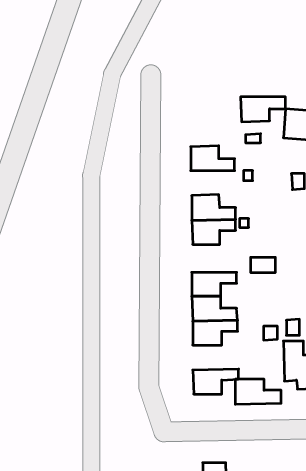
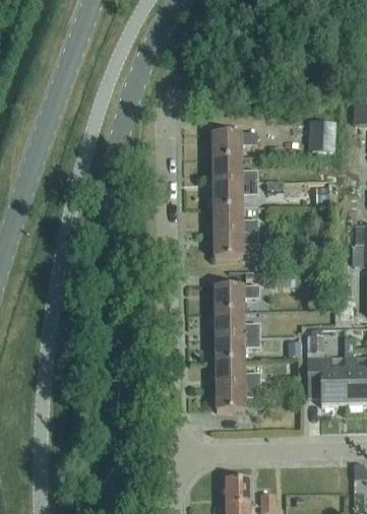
building: [241,97,285,122] -> [211,132,257,157]
building: none -> [212,182,257,207]
building: [235,379,281,404] -> [215,360,261,385]

